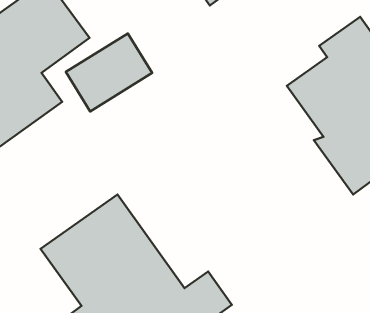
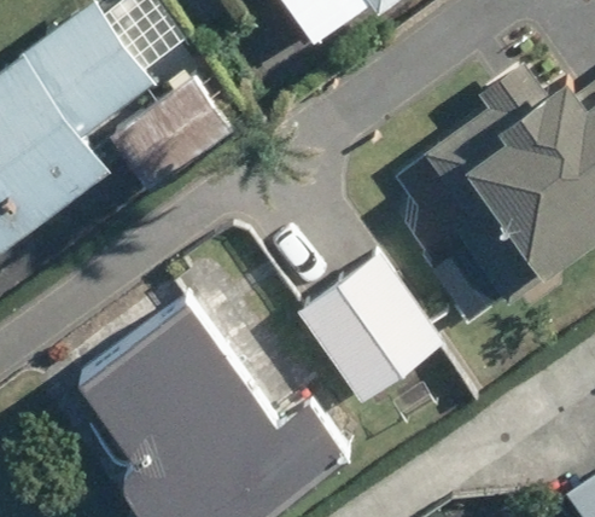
building: none -> [292,249,444,401]

